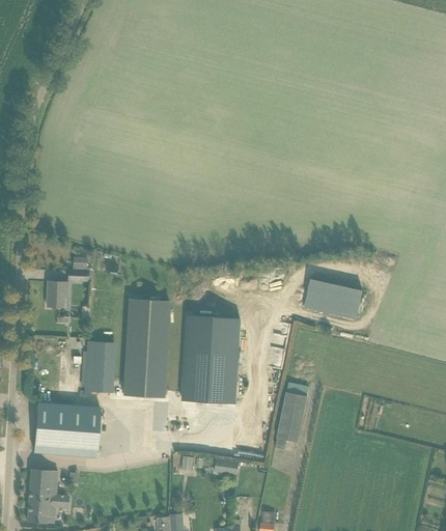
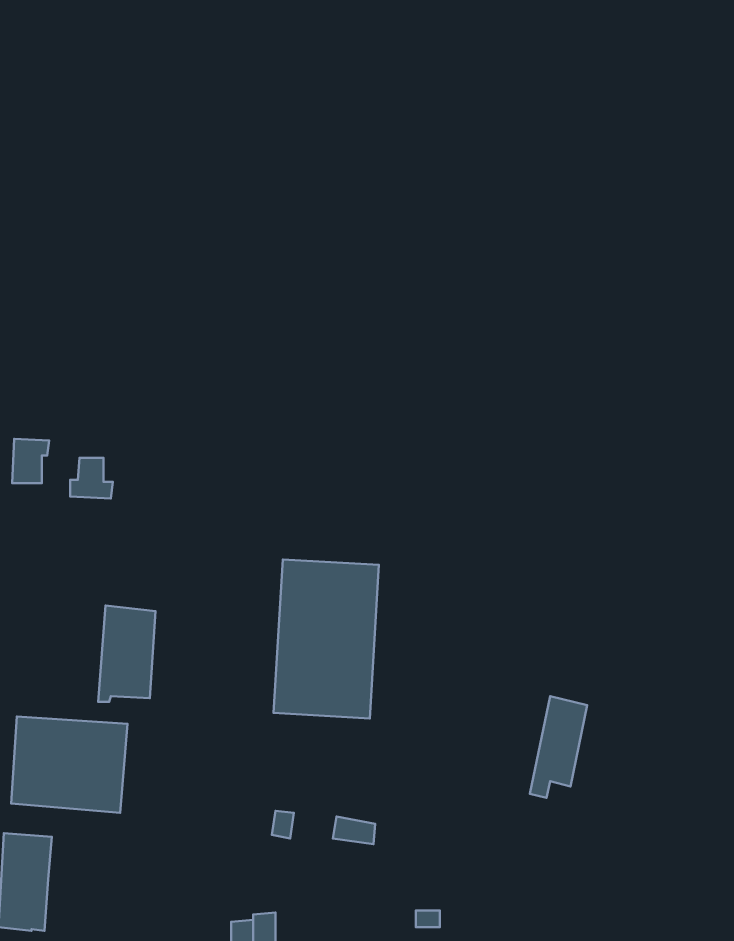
building: [304,278,362,318] -> none
building: [47,282,67,307] -> [12,439,49,483]
building: [122,301,169,396] -> none
building: [275,392,307,449] -> [530,696,587,798]

